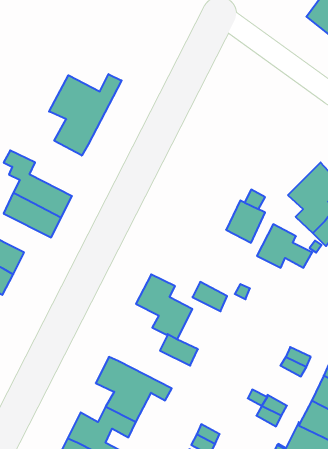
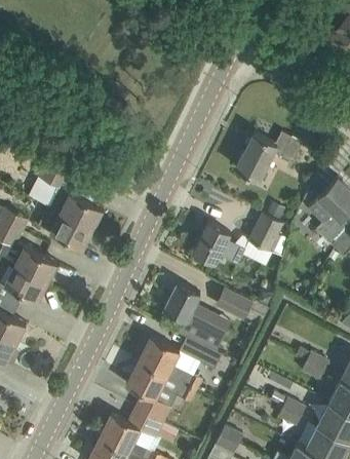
building: [49,74,122,156] -> none
building: none -> [235,132,302,181]
building: [257,224,312,268] -> [193,223,245,264]
building: none -> [138,337,202,391]

